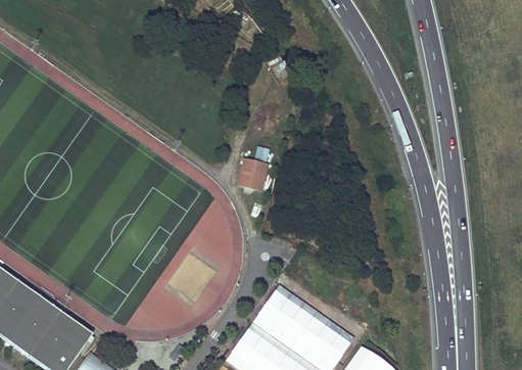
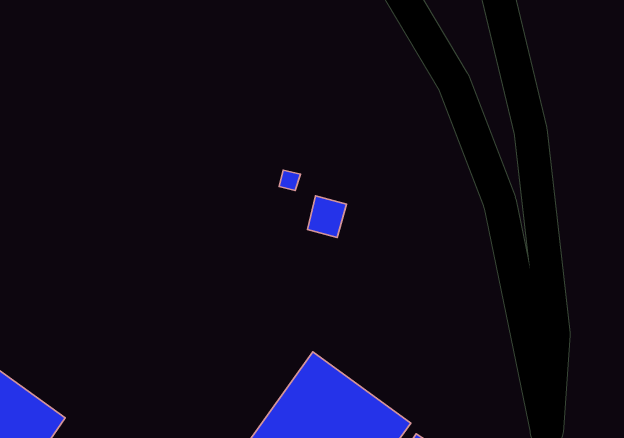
building: [238,158,268,190] -> [308,196,347,238]

